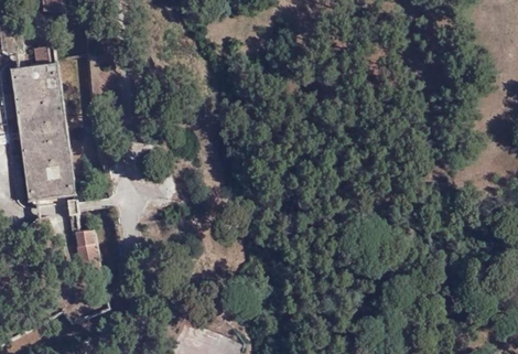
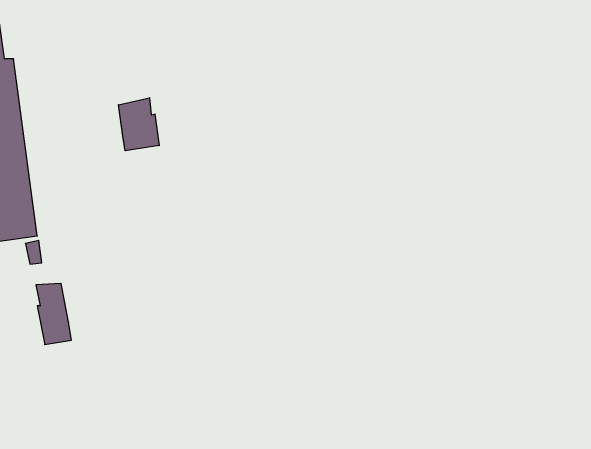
building: none -> [119,98,159,151]

